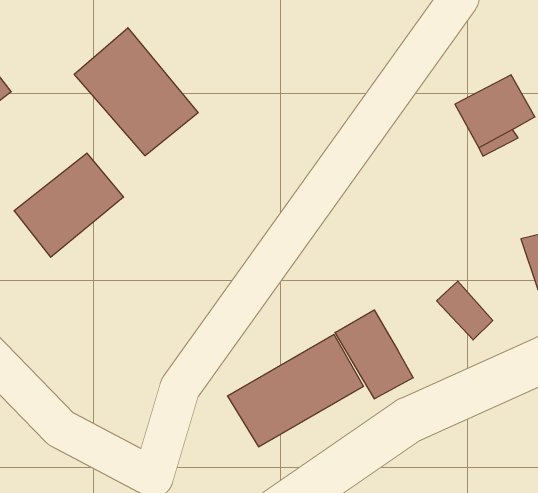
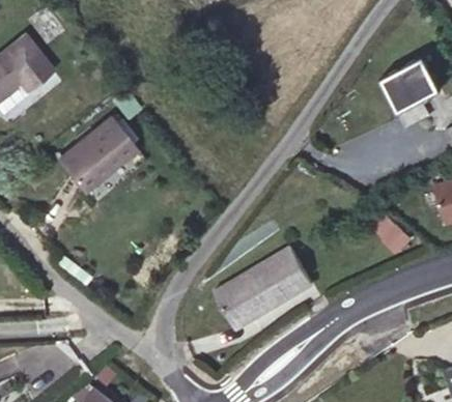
building: [74,28,198,156] -> none
building: [335,310,413,399] -> none

